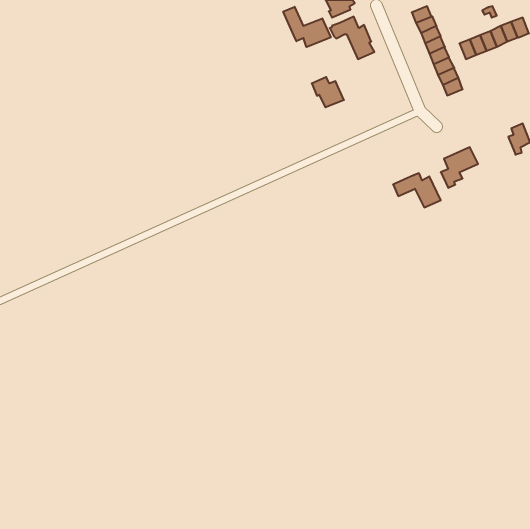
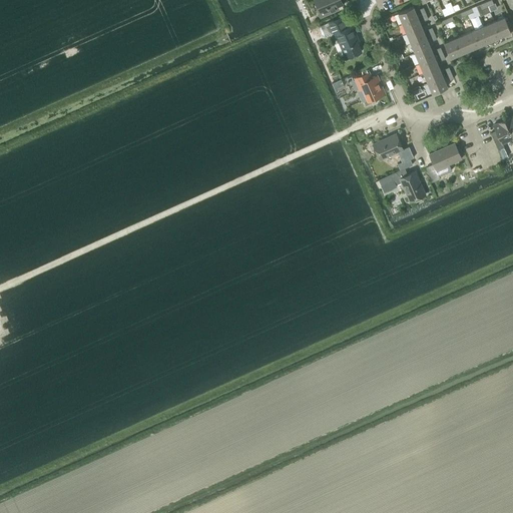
building: [283,7,331,47] -> none
building: [312,77,344,107] -> [355,72,386,101]
building: none -> [373,134,414,170]

